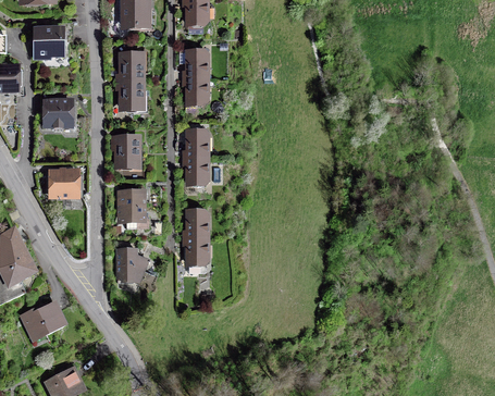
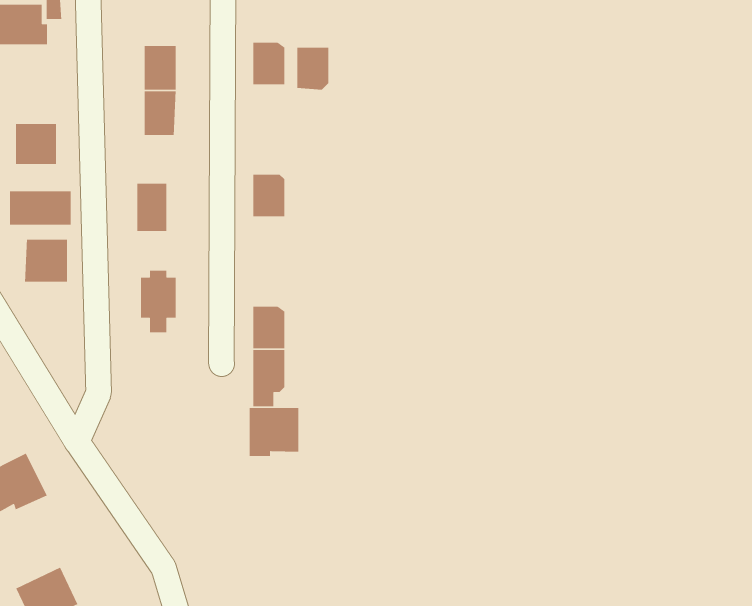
building: [187,78,207,104] -> [296,47,329,90]
building: none -> [9,190,71,226]
building: [187,158,207,184] -> none
building: [117,249,146,281] -> none
building: none -> [249,407,299,457]

